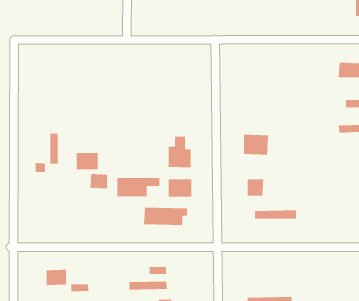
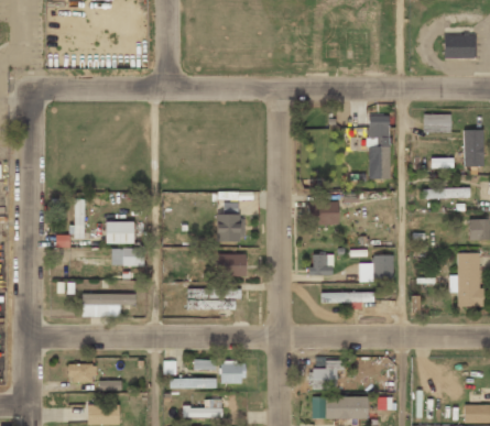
building: none -> [368,116,391,179]
building: [116,178,160,197] -> [83,294,135,317]
building: none -> [373,255,394,280]
building: none -> [313,360,345,390]
building: none -> [221,361,244,383]

